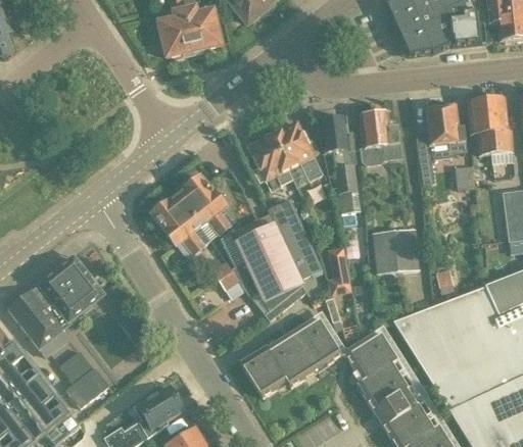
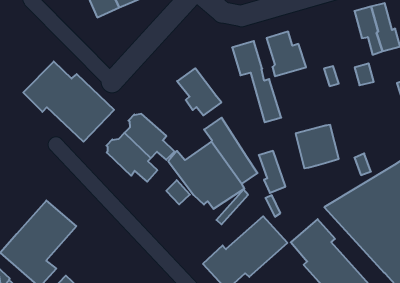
building: none -> [23,61,114,142]
building: [426,105,465,151] -> none
building: [271,122,321,181] -> none

